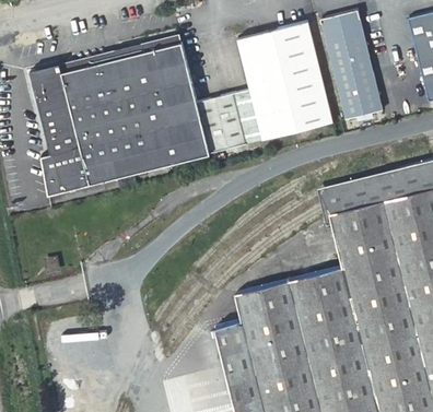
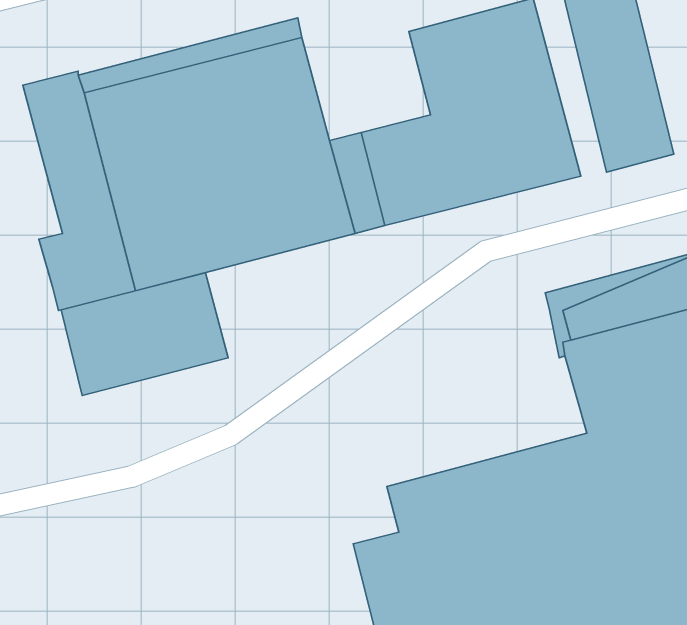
building: none -> [61,273,228,396]

